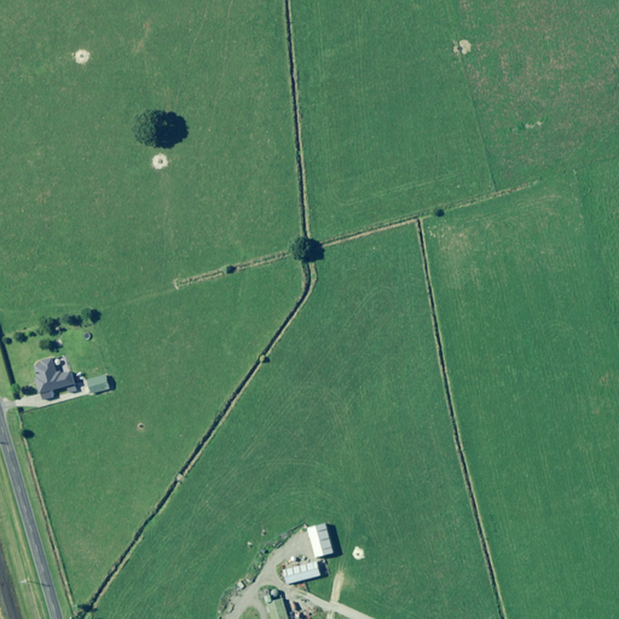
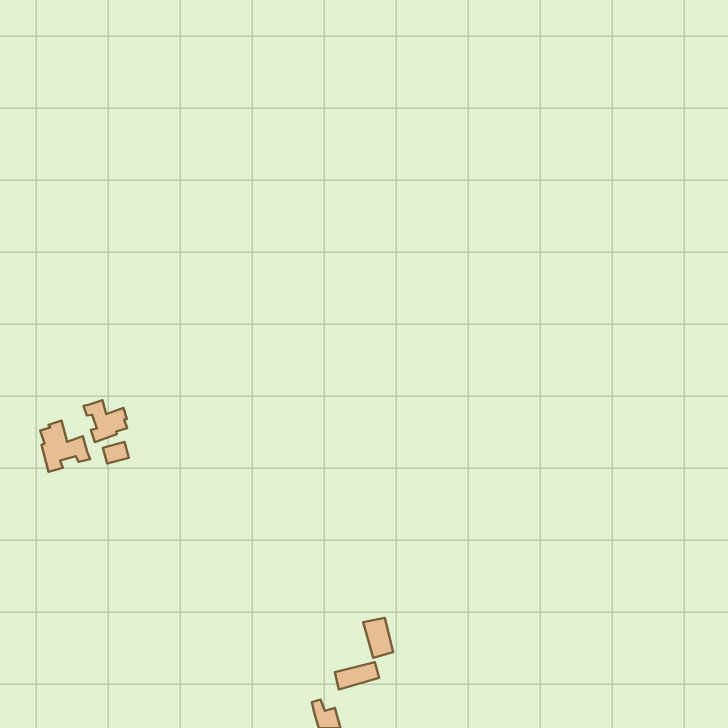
building: none -> [83,400,127,442]

